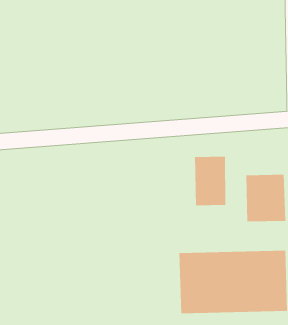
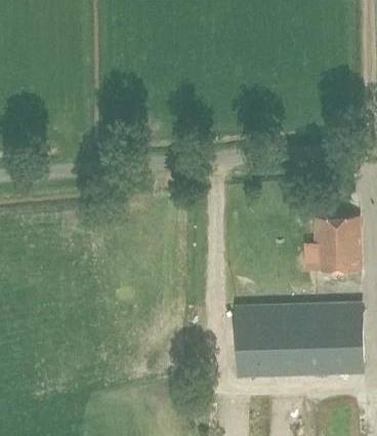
building: [194,156,226,206] -> none

